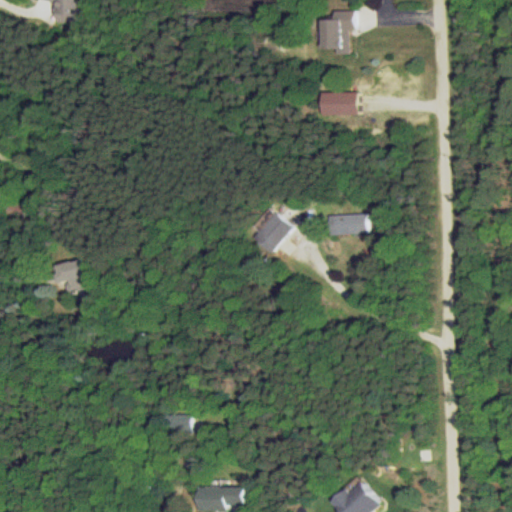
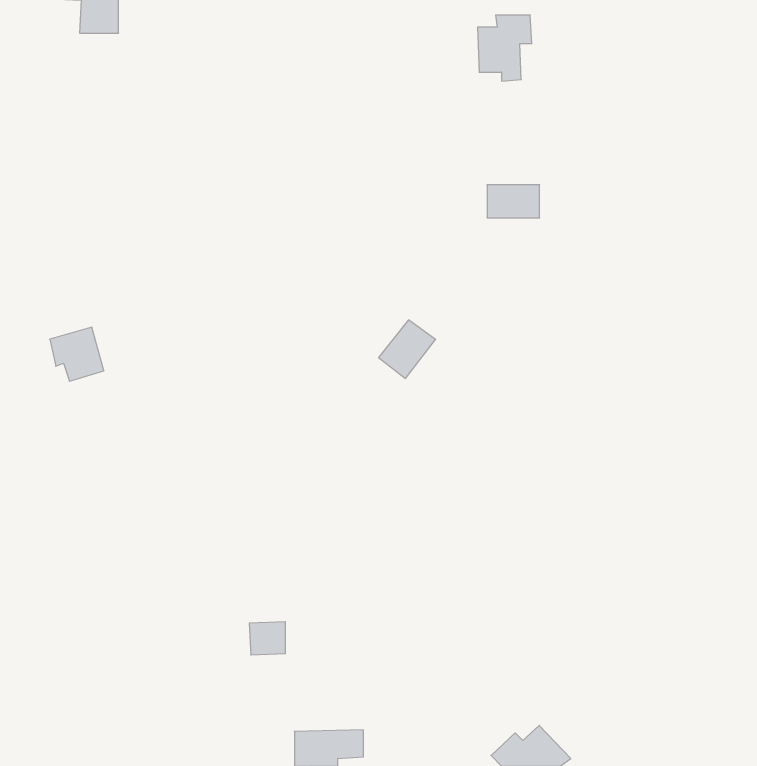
building: [319,92,354,114] -> [487,185,540,218]
building: [325,213,364,235] -> none
building: [55,258,91,294] -> [50,327,104,381]

